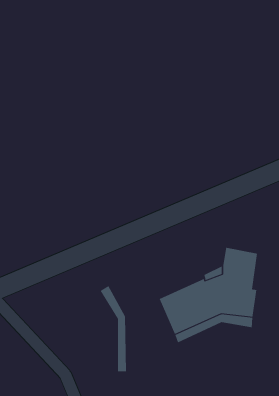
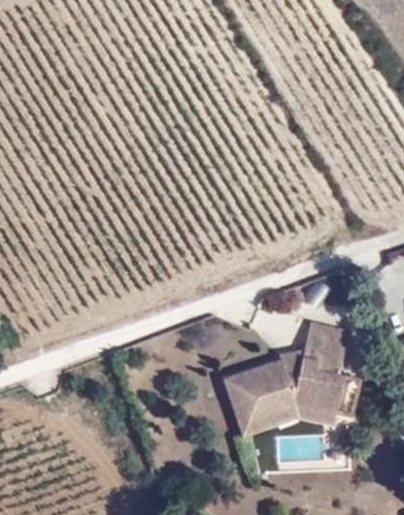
building: [100,285,126,372] -> none

